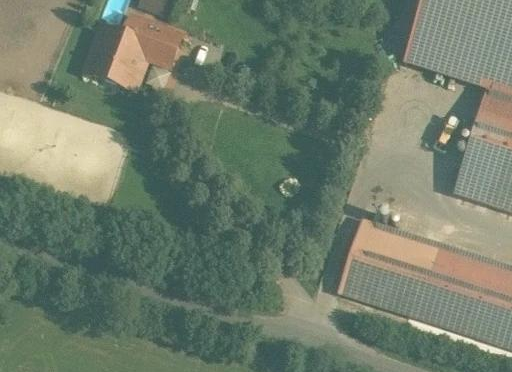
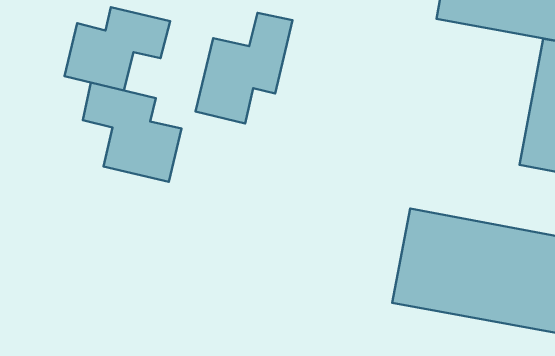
building: none -> [196,13,293,123]
building: none -> [83,83,182,182]

